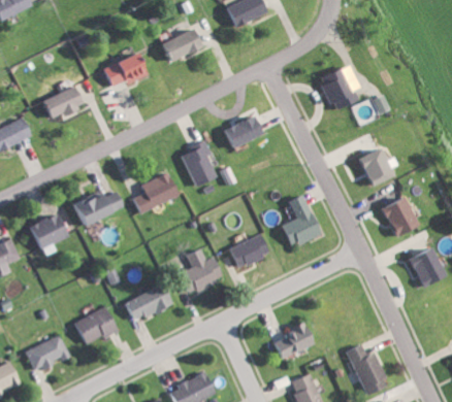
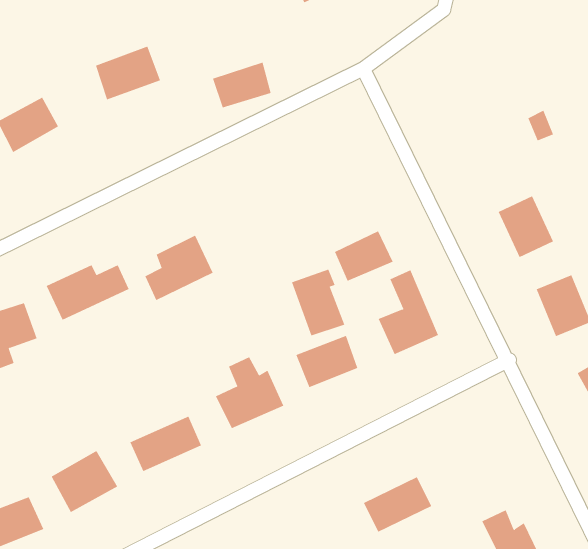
building: [161,30,198,59] -> [212,62,271,108]
building: [320,65,357,108] -> none
building: [223,115,260,147] -> [334,230,393,281]
building: [183,143,217,186] -> [291,269,345,336]

